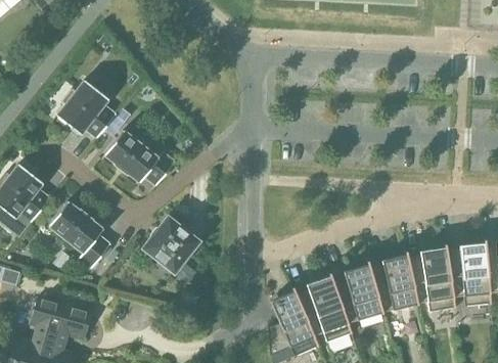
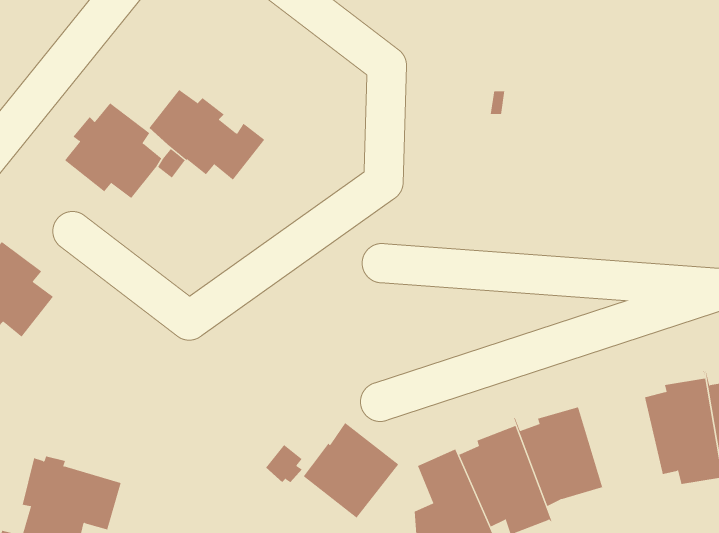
building: [104,131,175,186] -> [149,89,265,180]
building: [48,201,110,269] -> none
building: [141,216,199,274] -> [303,422,399,519]
building: [366,249,418,314] -> none

